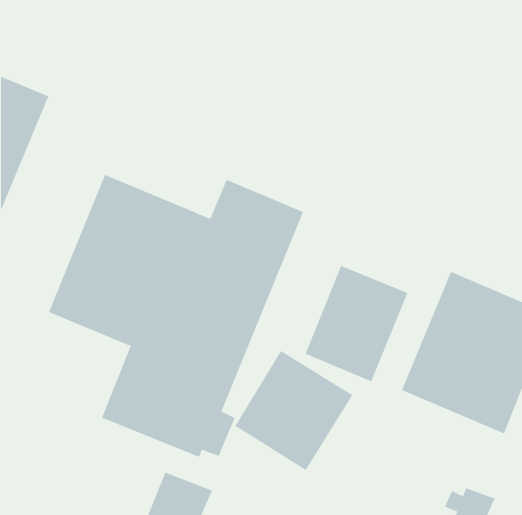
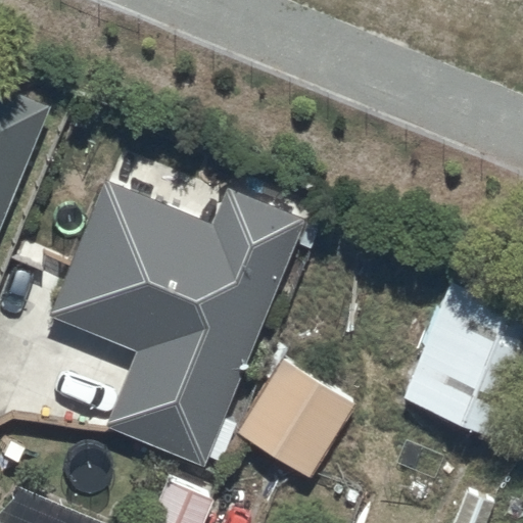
building: [305,265,408,382] -> none

